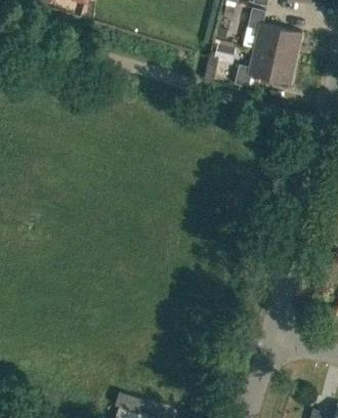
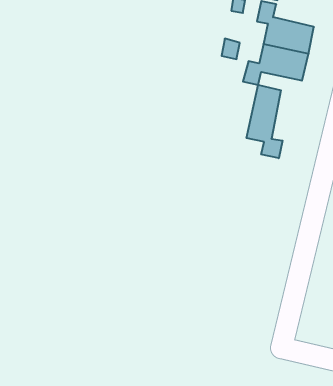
building: none -> [247,85,283,158]

